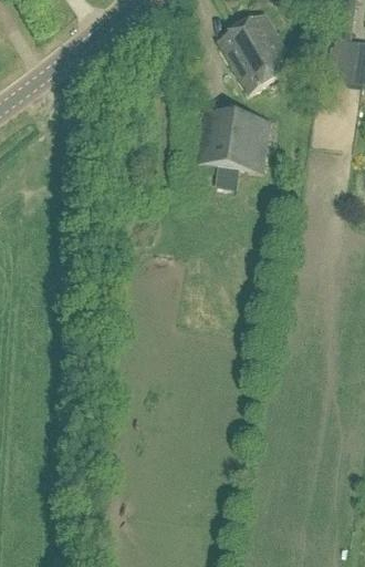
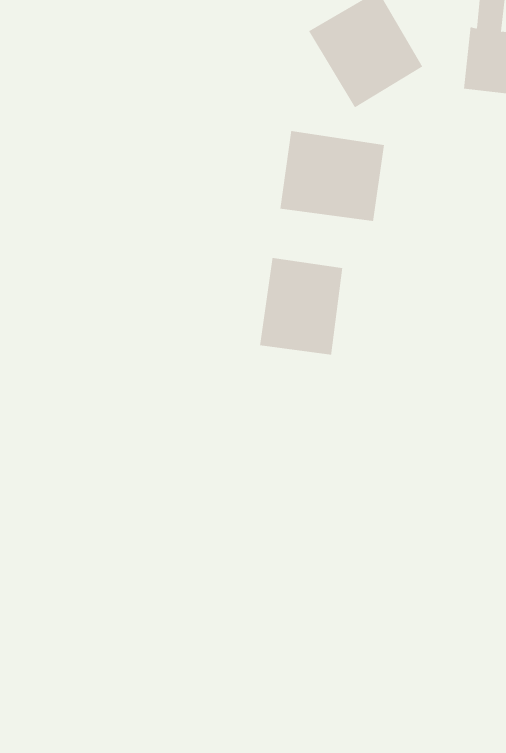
building: none -> [259,257,343,355]

